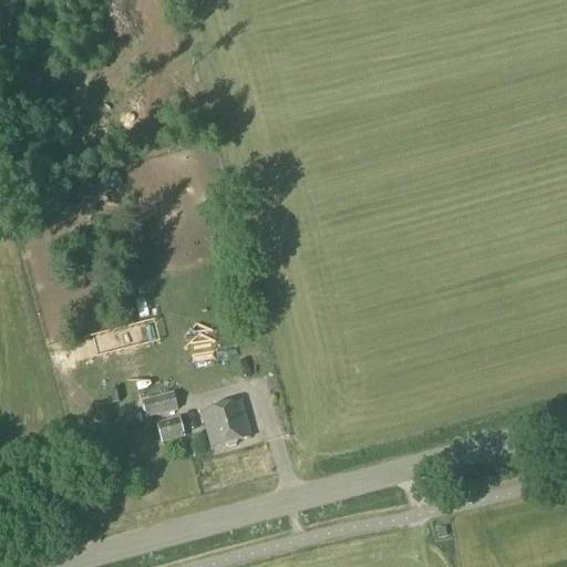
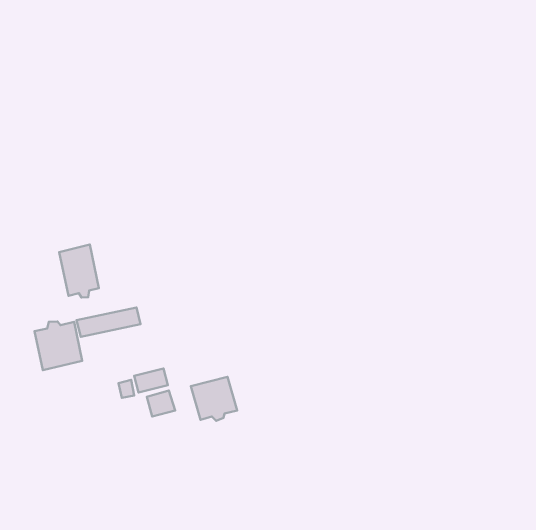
building: none -> [59,245,99,297]
building: none -> [35,321,82,370]

